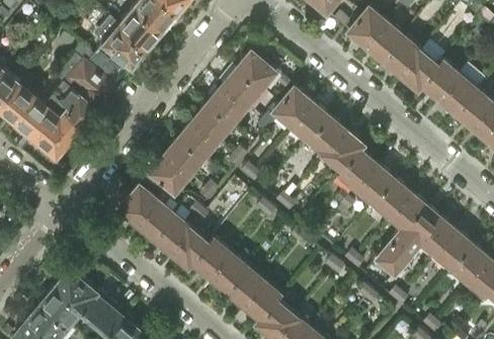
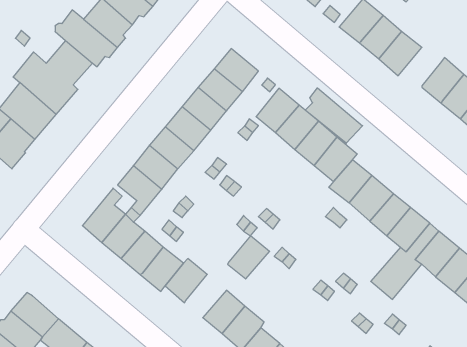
building: [400,50,437,89] -> none
building: none -> [305,88,363,143]
building: [210,252,247,290] -> [228,236,270,279]

